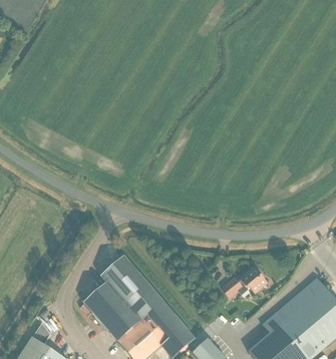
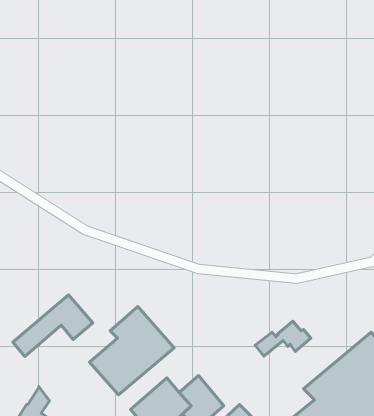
building: [107,290,174,341] -> [13,295,93,357]

